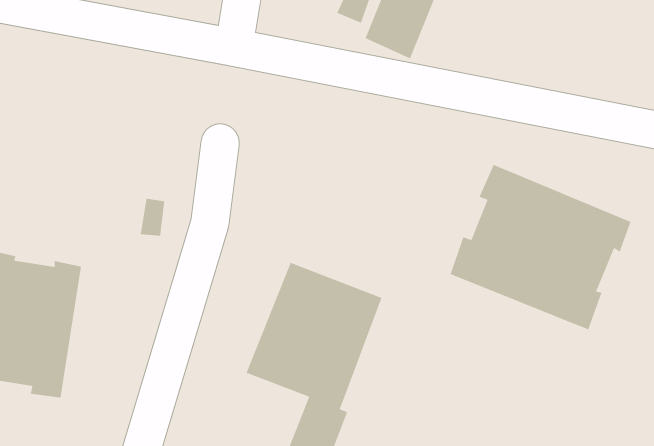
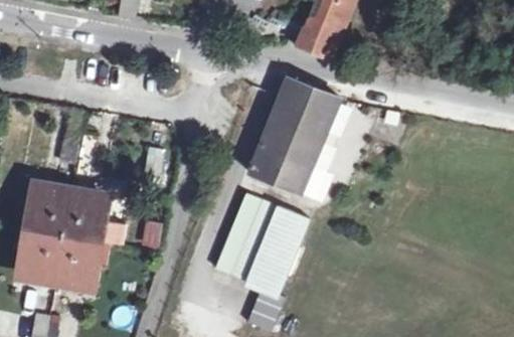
building: none -> [247,79,337,193]
building: [450,164,632,330] -> none

